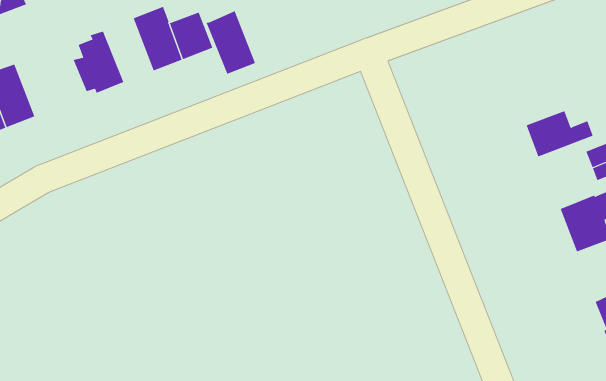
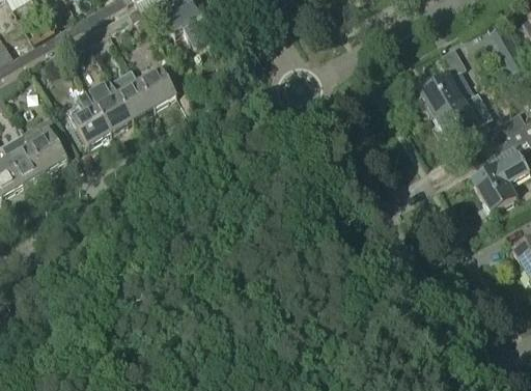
building: [206,11,256,74] -> [87,80,132,132]
building: none -> [419,46,474,116]
building: none -> [21,114,66,170]

